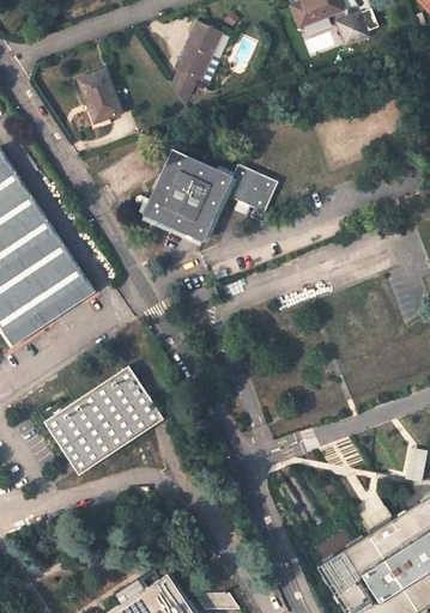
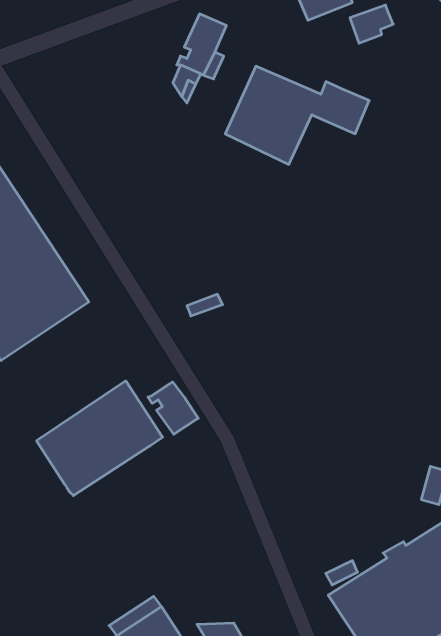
building: [79,71,123,125] -> none
building: [144,150,279,242] -> [225,66,369,164]
building: none -> [148,382,198,434]

